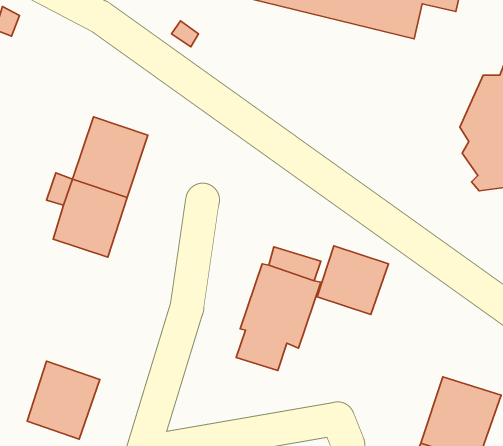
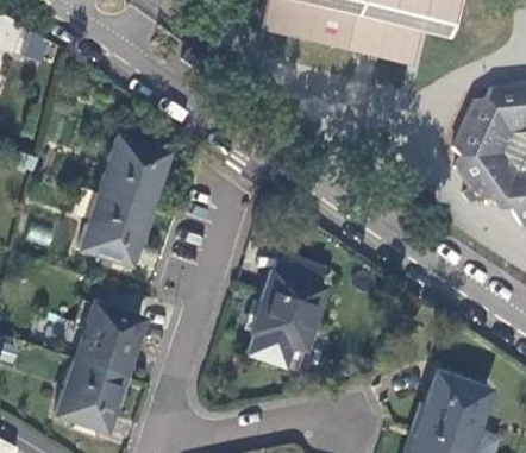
building: [317,246,389,315] -> none
building: none -> [76,302,145,376]

